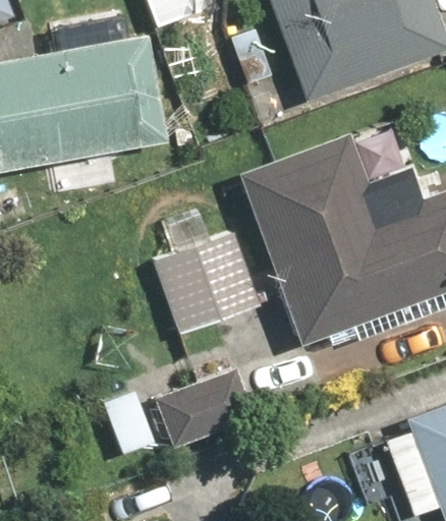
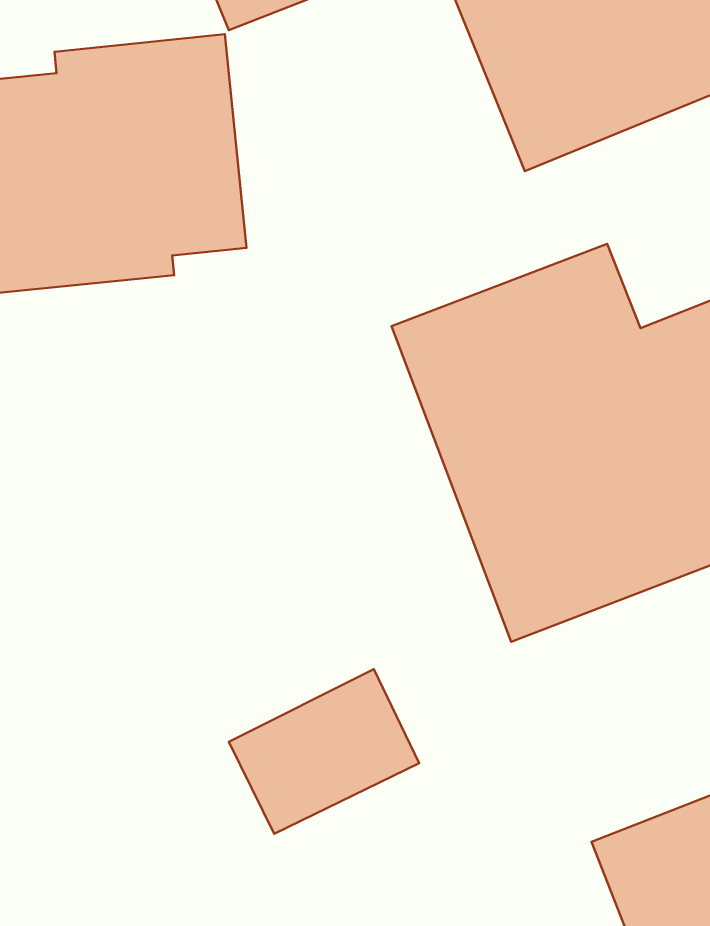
building: [149,197,268,336] -> none

